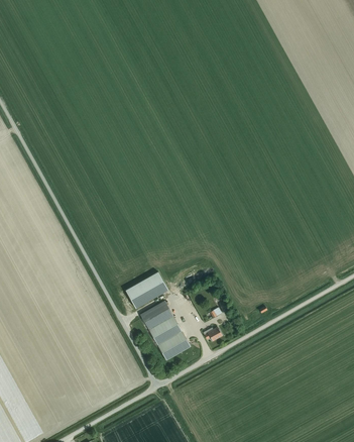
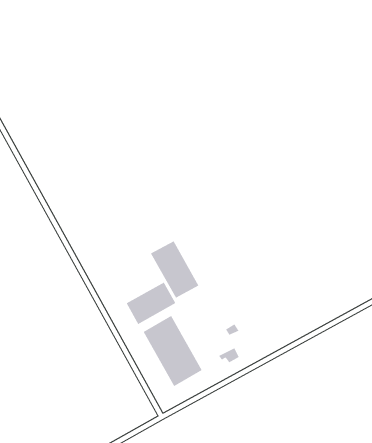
building: none -> [150,240,199,299]

